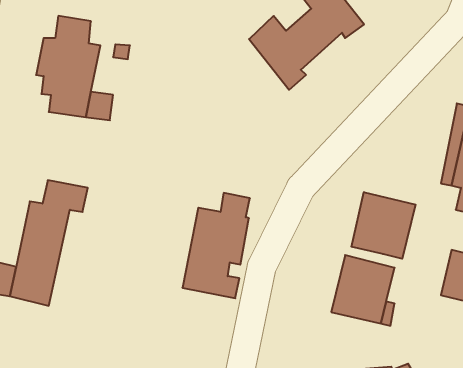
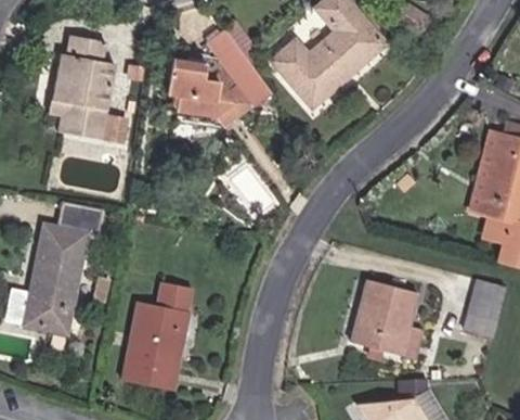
building: none -> [168,28,273,126]
building: [351,192,416,259] -> none
building: [182,193,250,298] -> [126,285,195,394]

